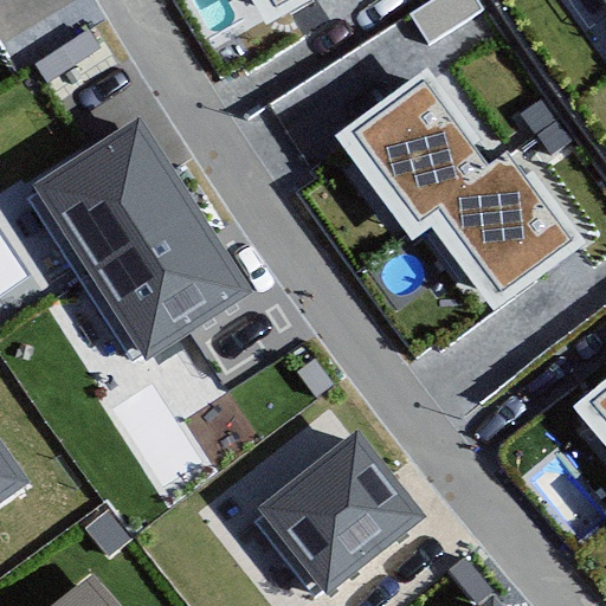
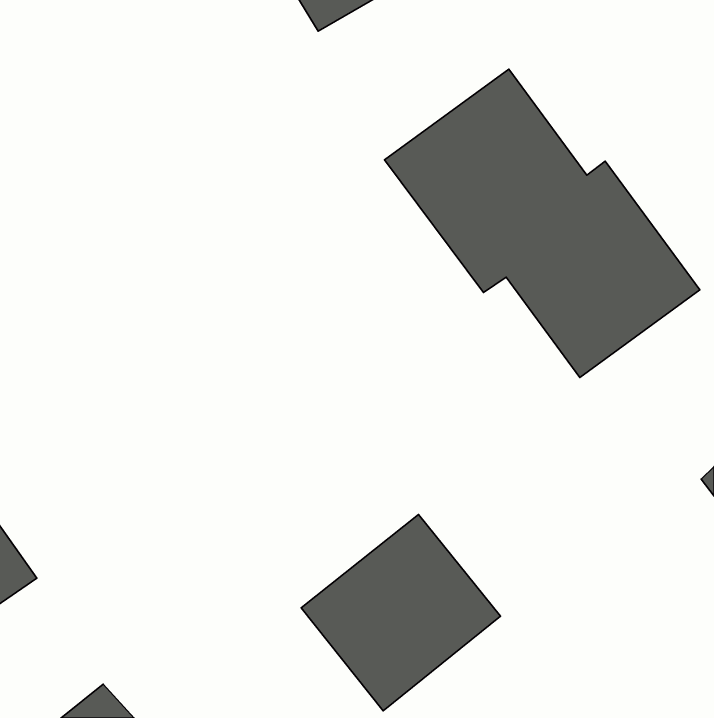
building: [27,116,249,361] -> none

